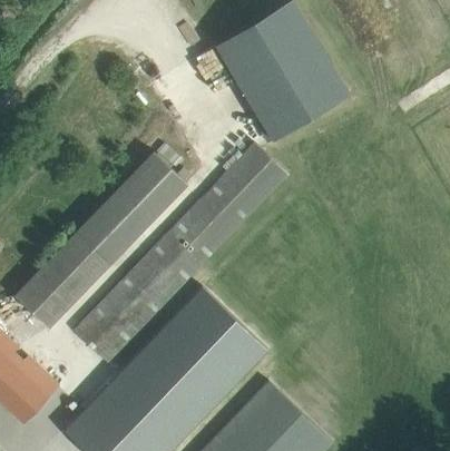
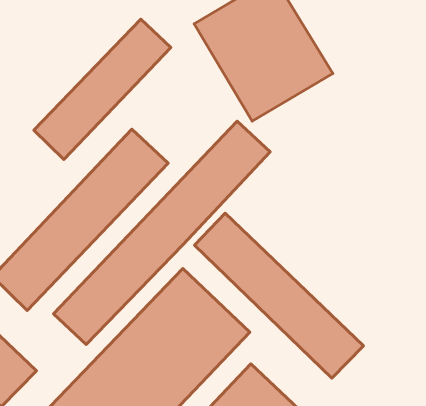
building: none -> [34,19,171,159]
building: none -> [195,213,364,378]

